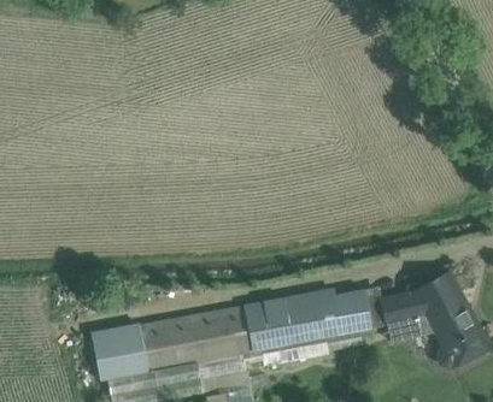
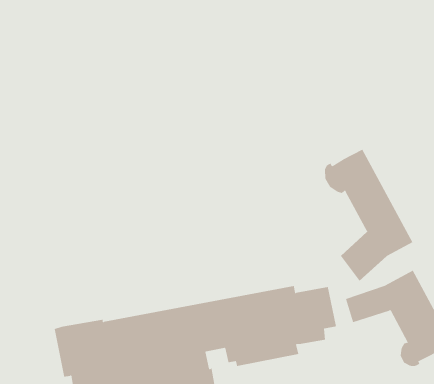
building: none -> [324,149,413,281]

